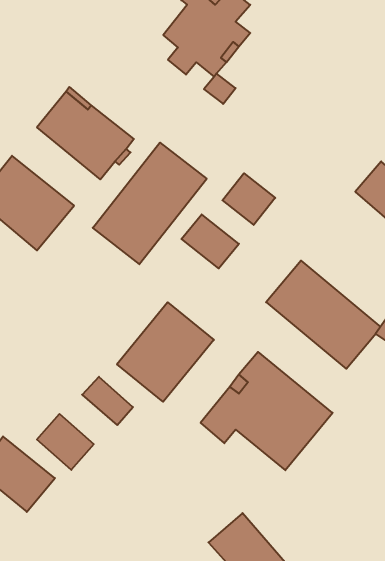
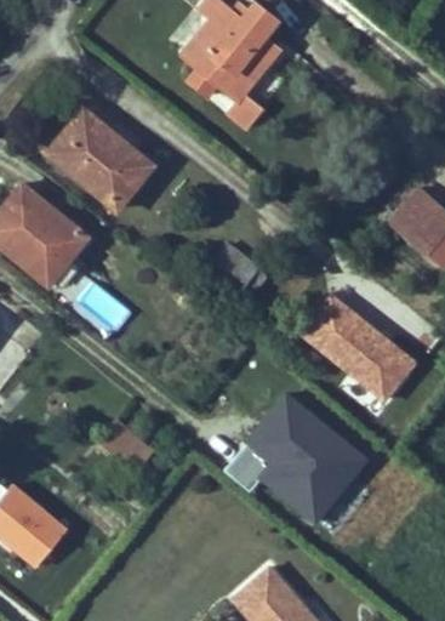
building: [93,143,207,264] -> none
building: [222,173,275,225] -> none
building: [117,302,214,402] -> none
building: [37,414,94,470] -> none

